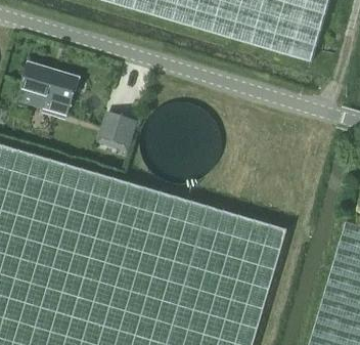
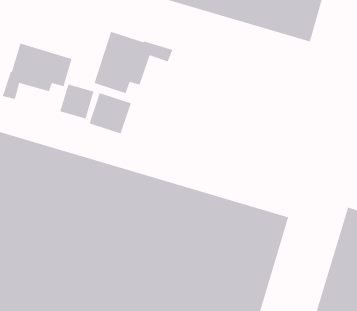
building: none -> [93,31,173,94]
building: none -> [59,83,95,120]

